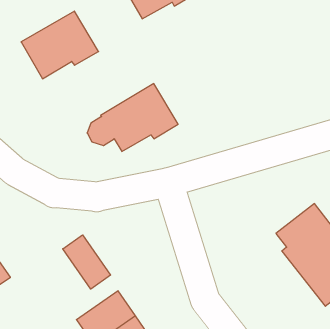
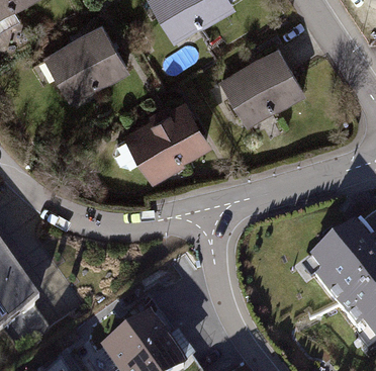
building: none -> [222,49,303,119]
building: [63,235,111,289] -> none

